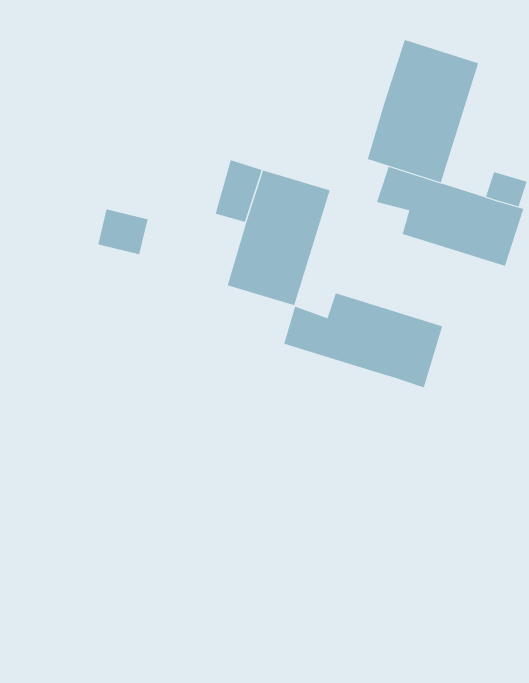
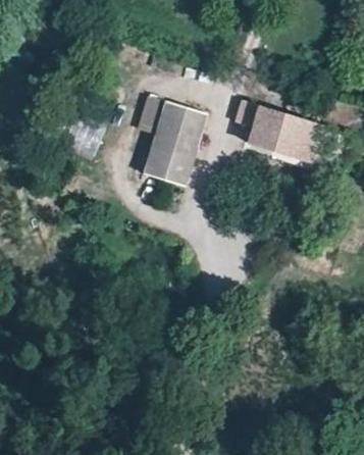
building: [367,39,479,183] -> none
building: [283,292,443,388] -> none

